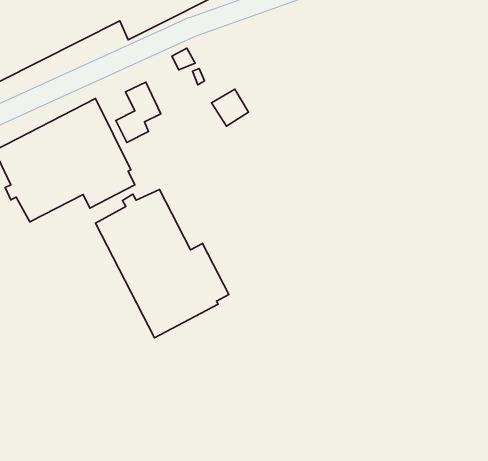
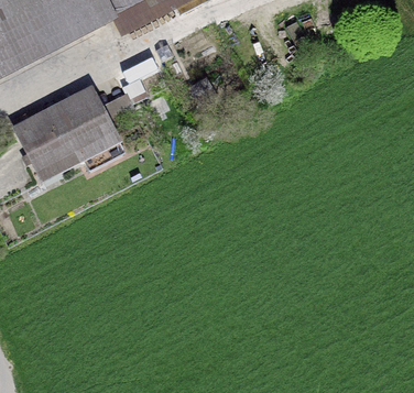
building: [96,189,229,338] -> none

